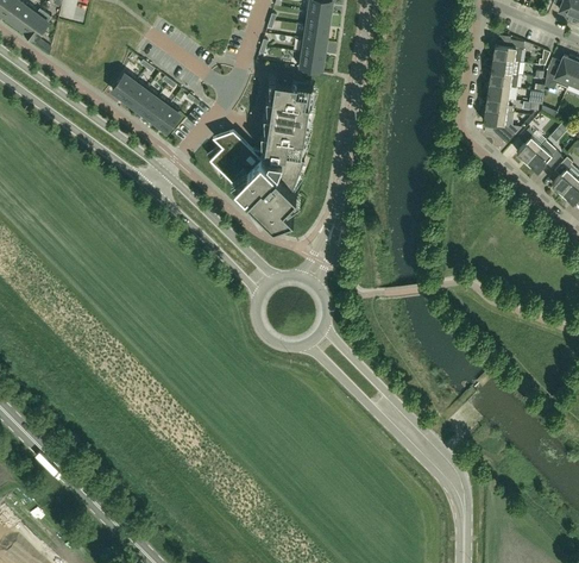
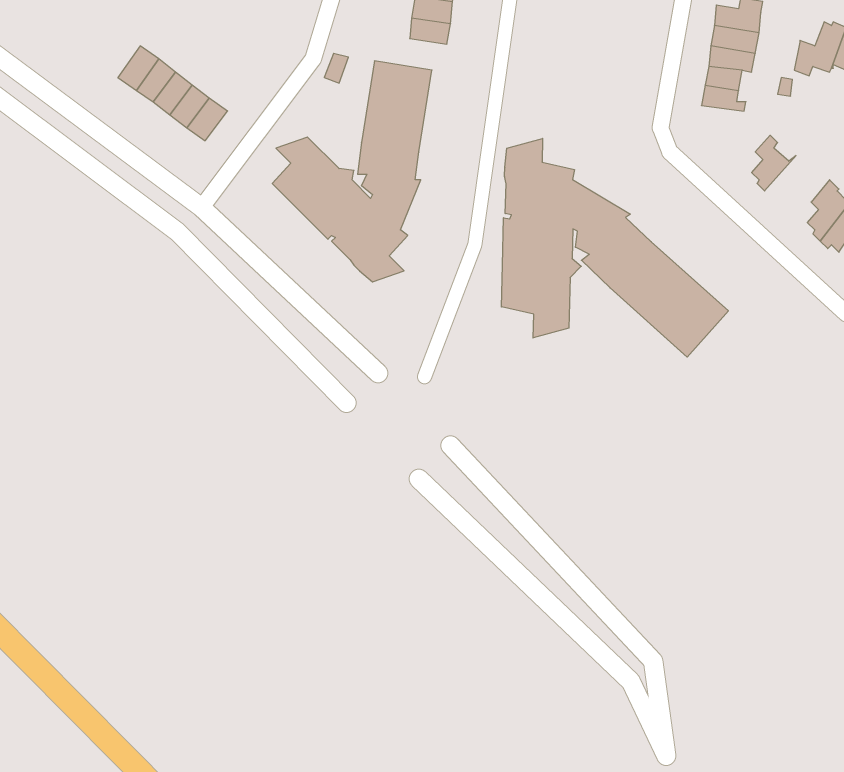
building: [484,111,515,145] -> none
building: none -> [501,138,728,357]
building: [525,143,561,173] -> none

